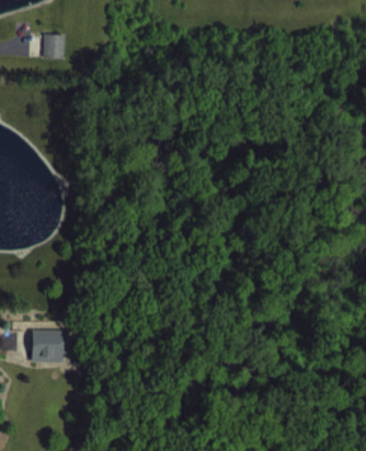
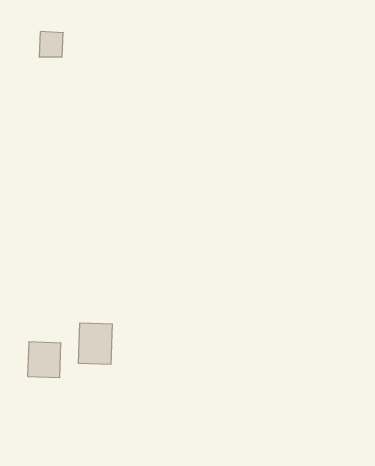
building: none -> [79,323,112,364]

